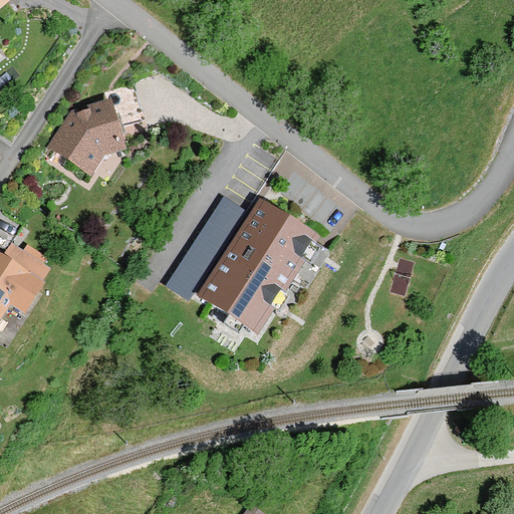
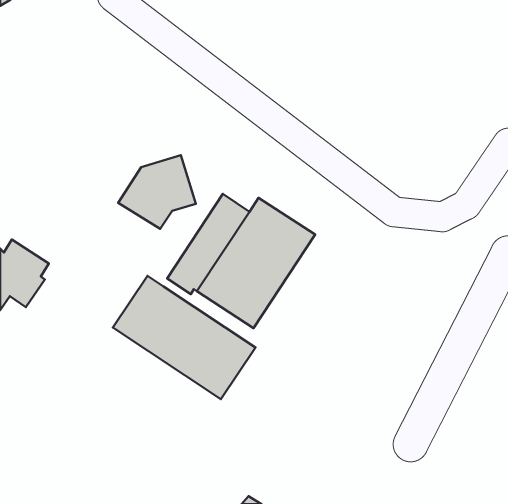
building: [48,97,126,172] -> [118,155,196,229]
building: none -> [113,276,256,399]

